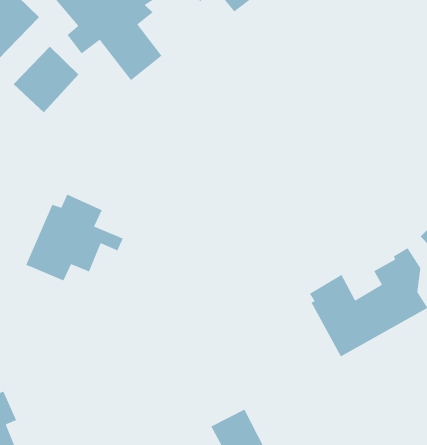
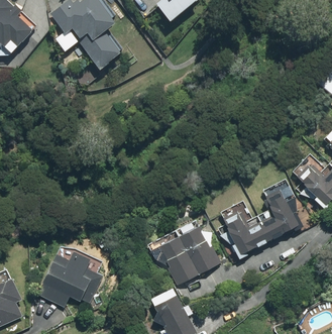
building: [13,46,79,113] -> none
building: [25,193,124,282] -> [37,247,104,307]
building: none -> [156,226,221,286]

